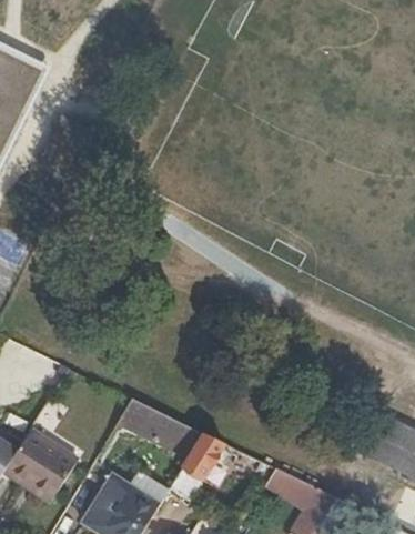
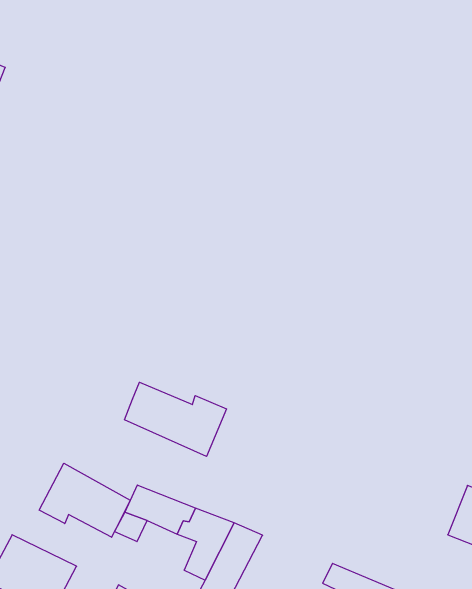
building: none -> [125,382,227,456]
building: none -> [39,463,130,537]

